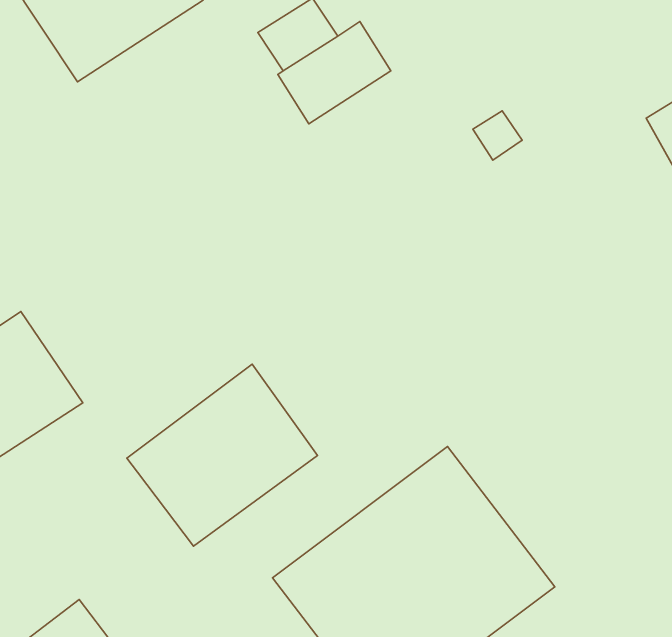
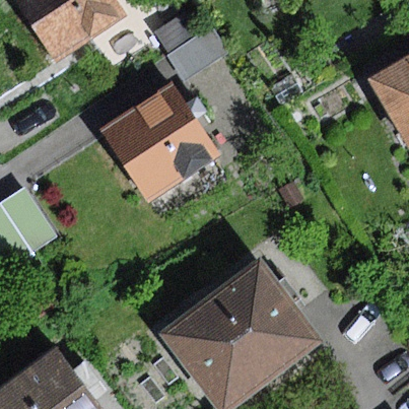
building: none -> [100,82,218,203]
building: [127,364,318,546] -> none

